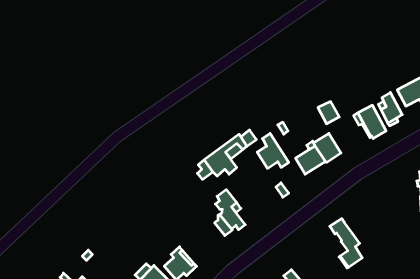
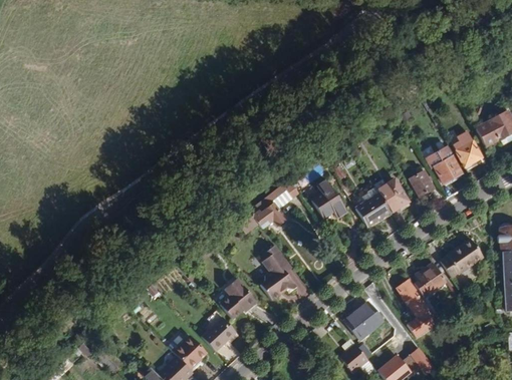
building: [318,102,339,124] -> [410,170,435,197]
building: none -> [441,238,484,278]
building: none -> [414,263,447,297]
building: none -> [220,277,256,318]
building: none -> [345,302,383,339]

